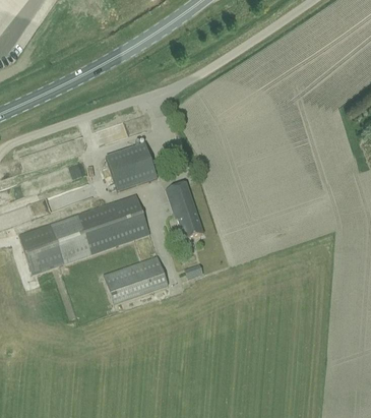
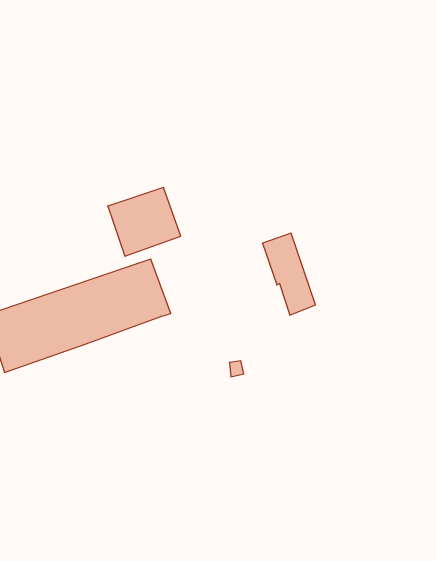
building: [166,182,203,240] -> [262,233,315,315]
building: [104,256,168,304] -> none

